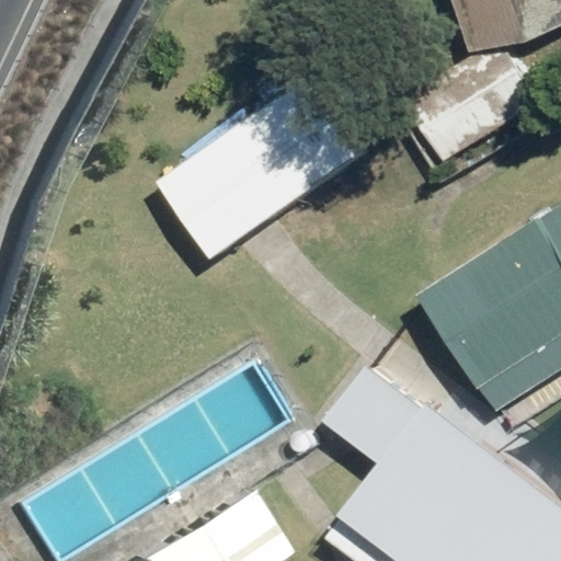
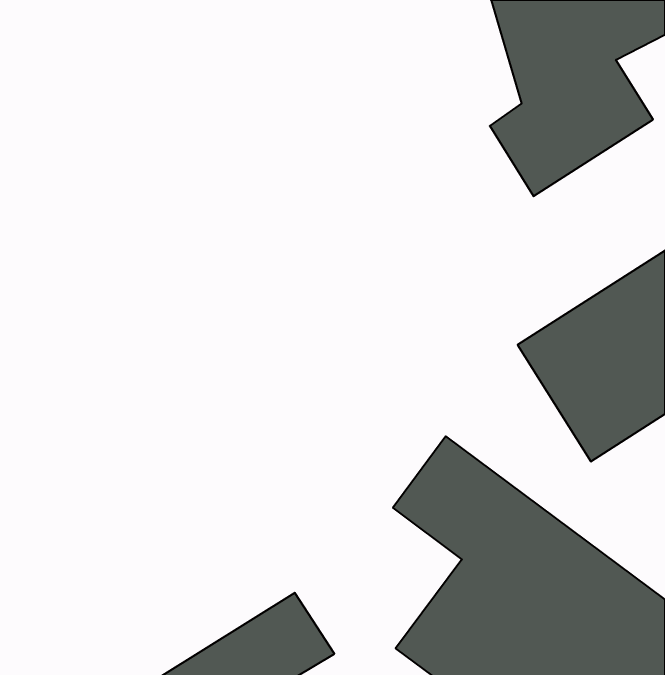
building: [159,79,359,260] -> none

